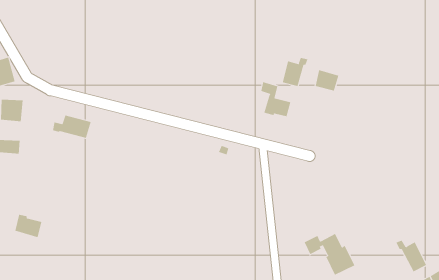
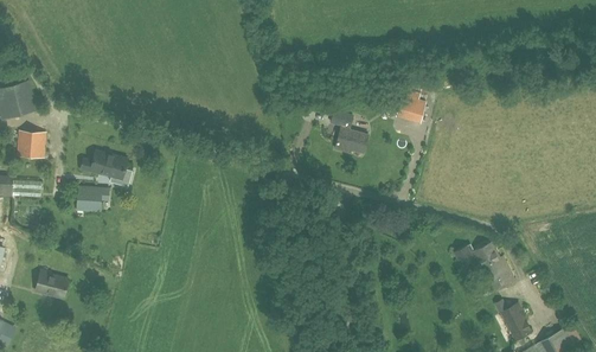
building: [282,57,308,87] -> none
building: none -> [75,186,109,213]
building: [304,233,355,275] -> [453,242,514,293]

